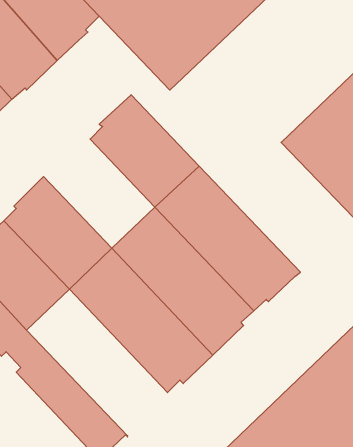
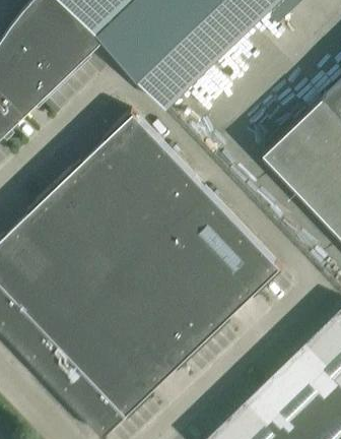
building: none -> [53,151,152,249]
building: none -> [38,286,163,417]

